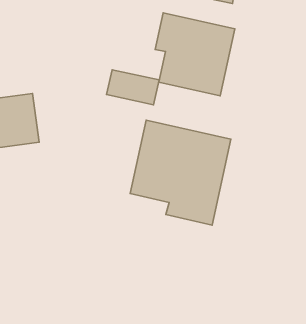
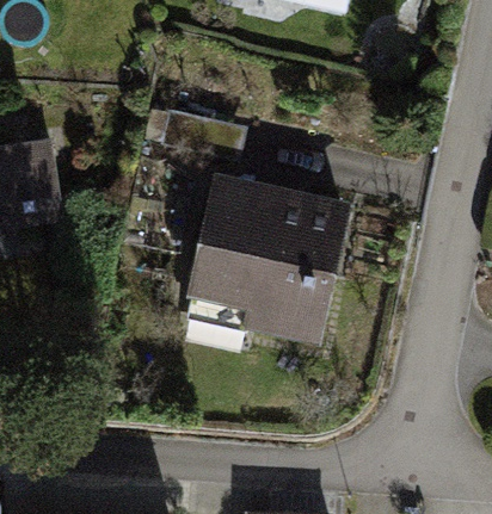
building: [155,13,235,96] -> none

